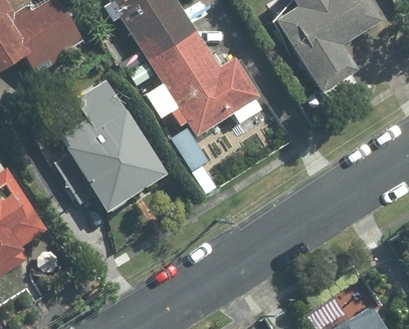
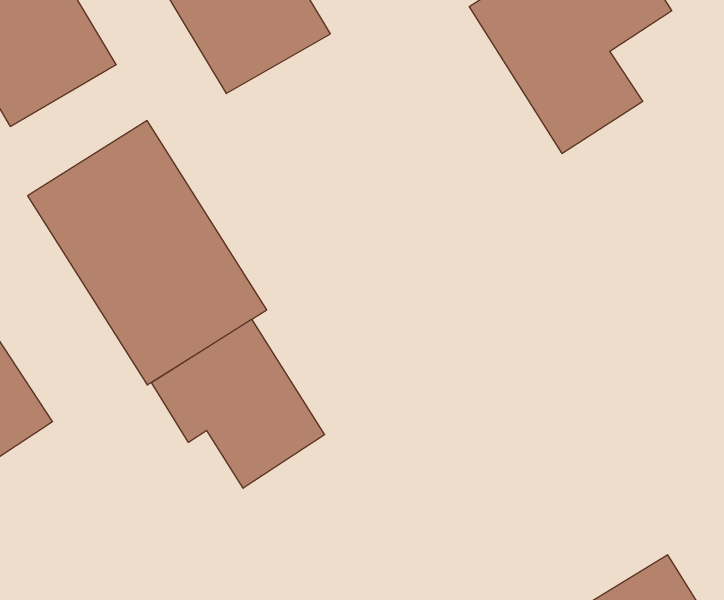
building: [147,31,257,139] -> none
building: none -> [151,319,325,488]

